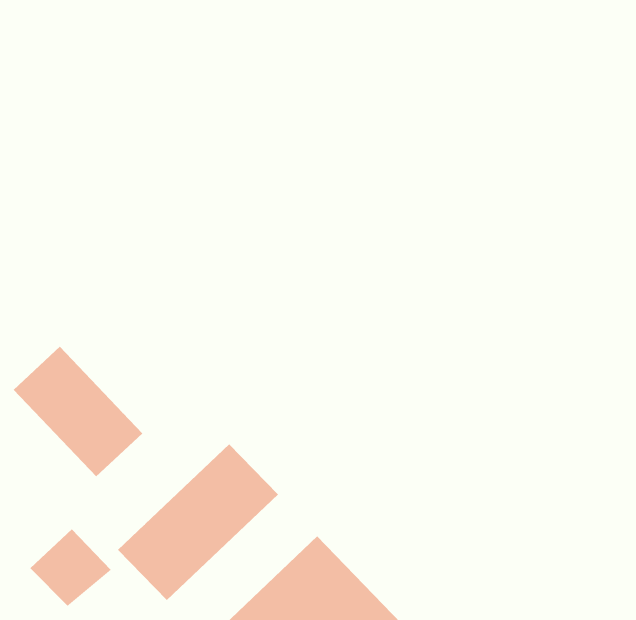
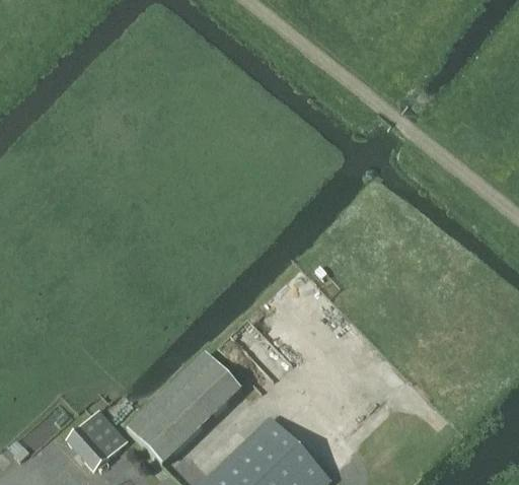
building: [13,346,143,477] -> none

